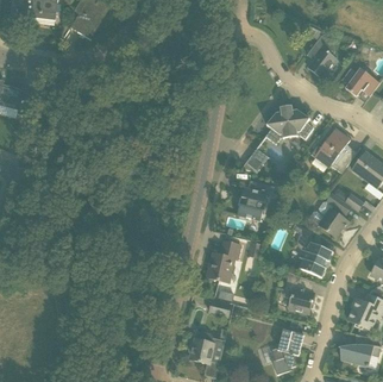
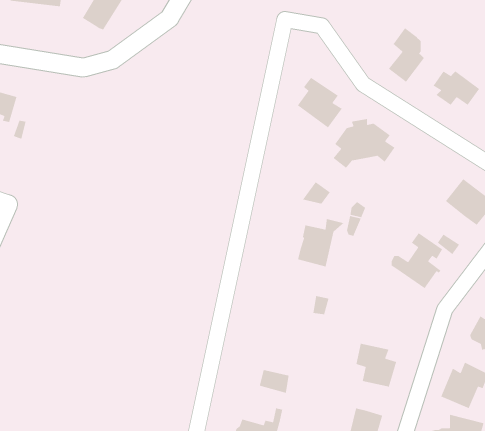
building: none -> [297,77,343,128]
building: [310,129,359,173] -> none
building: [294,223,332,277] -> none
building: [208,240,240,282] -> none

